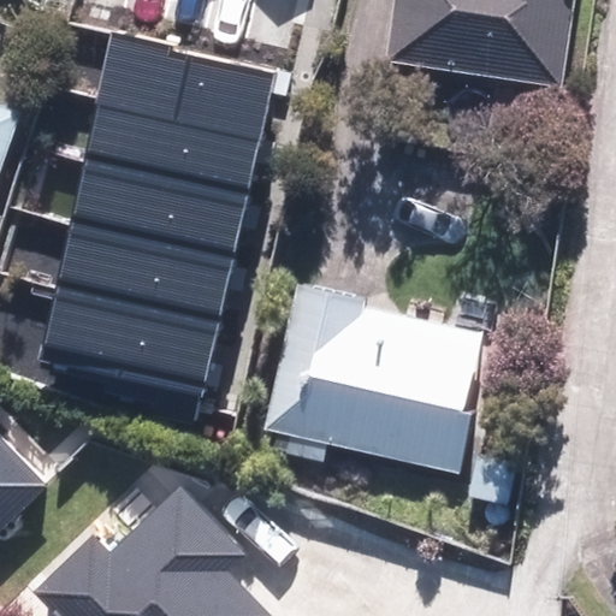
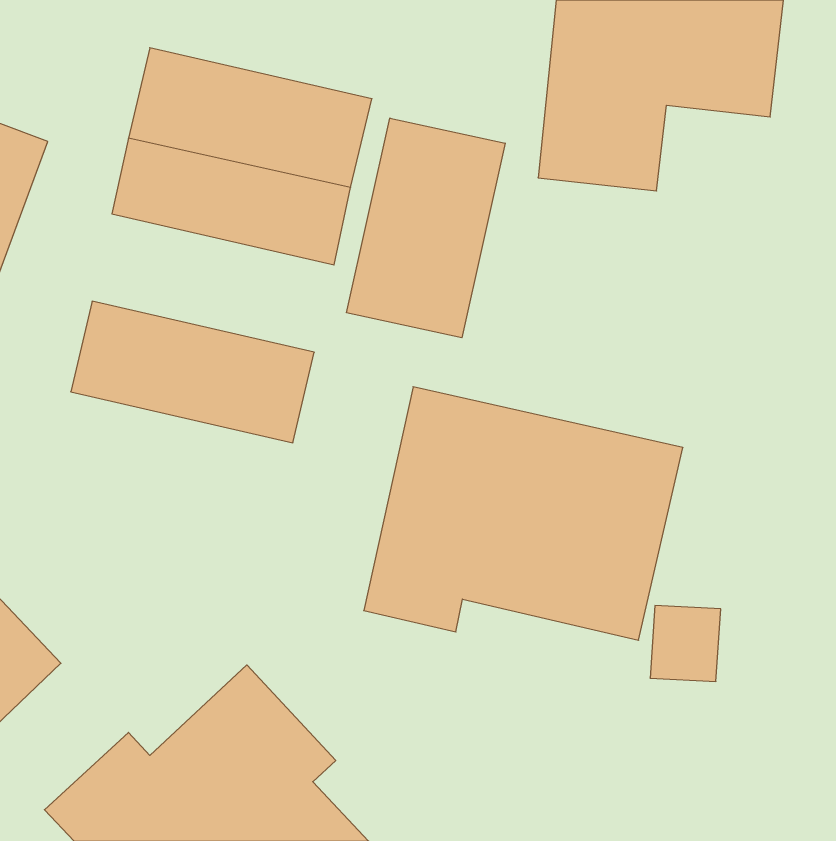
building: none -> [347,118,505,338]
building: [67,156,244,257] -> none
building: [35,286,214,397] -> none

